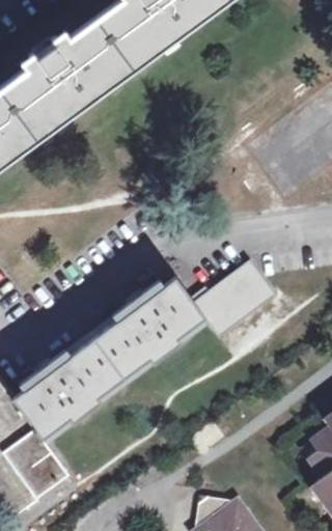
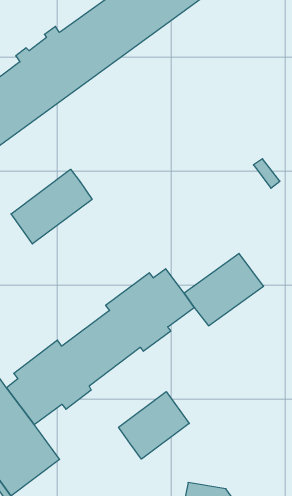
building: none -> [11,169,92,244]
building: none -> [119,392,189,459]

